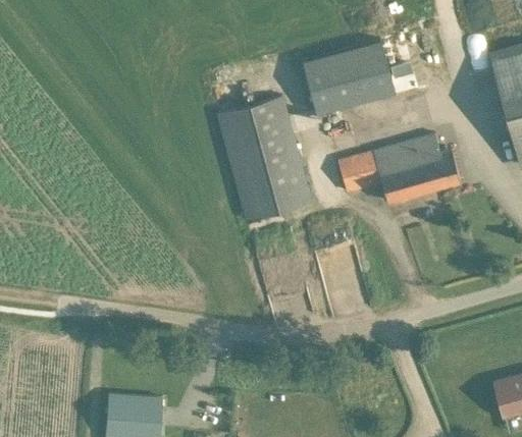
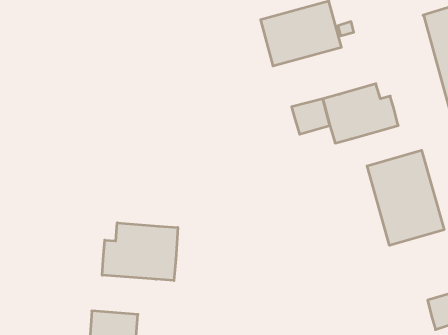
building: [217,97,311,220] -> none
building: none -> [367,150,444,245]
building: none -> [102,223,178,281]

